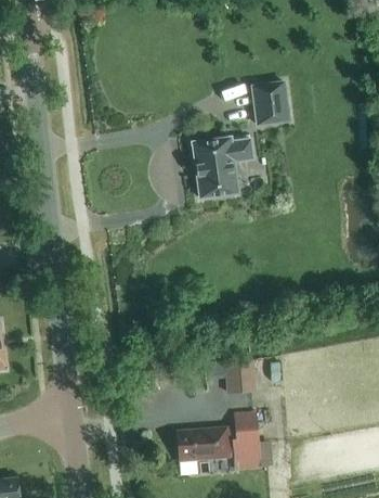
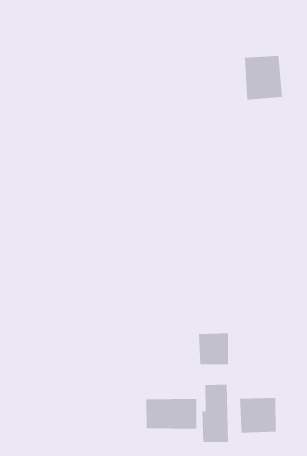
building: [192,137,252,197] -> none
building: none -> [239,397,276,434]

